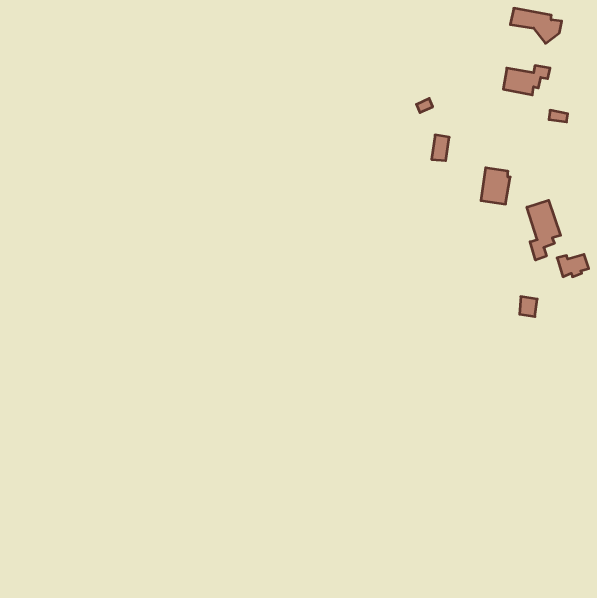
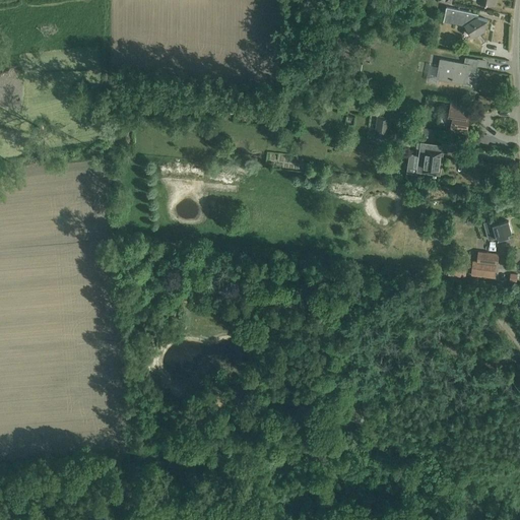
building: none -> [447,103,468,134]
building: [527,200,561,260] -> none
building: none -> [472,254,498,277]

